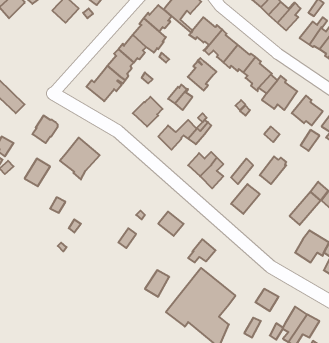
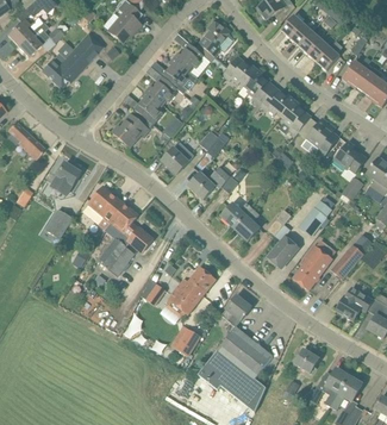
building: none -> [40,49,88,89]
building: [188,58,216,91] -> none
building: none -> [98,205,150,276]
building: none -> [292,244,332,290]
building: none -> [164,277,205,318]

